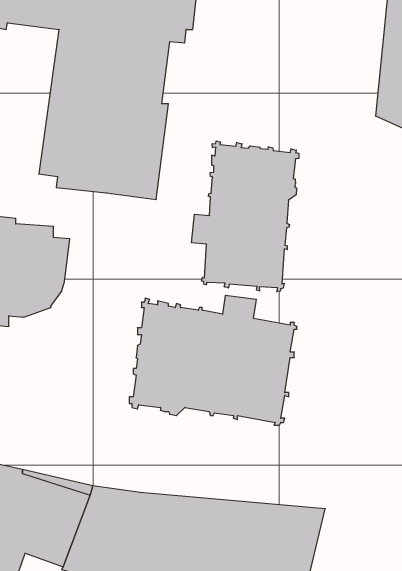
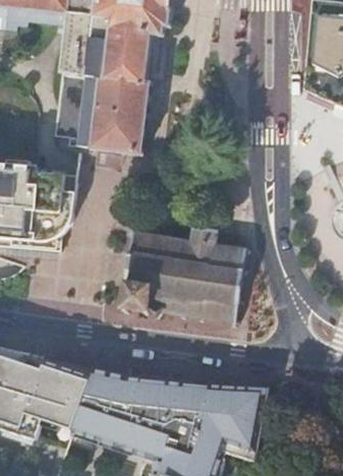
building: [191,141,299,292] -> none

